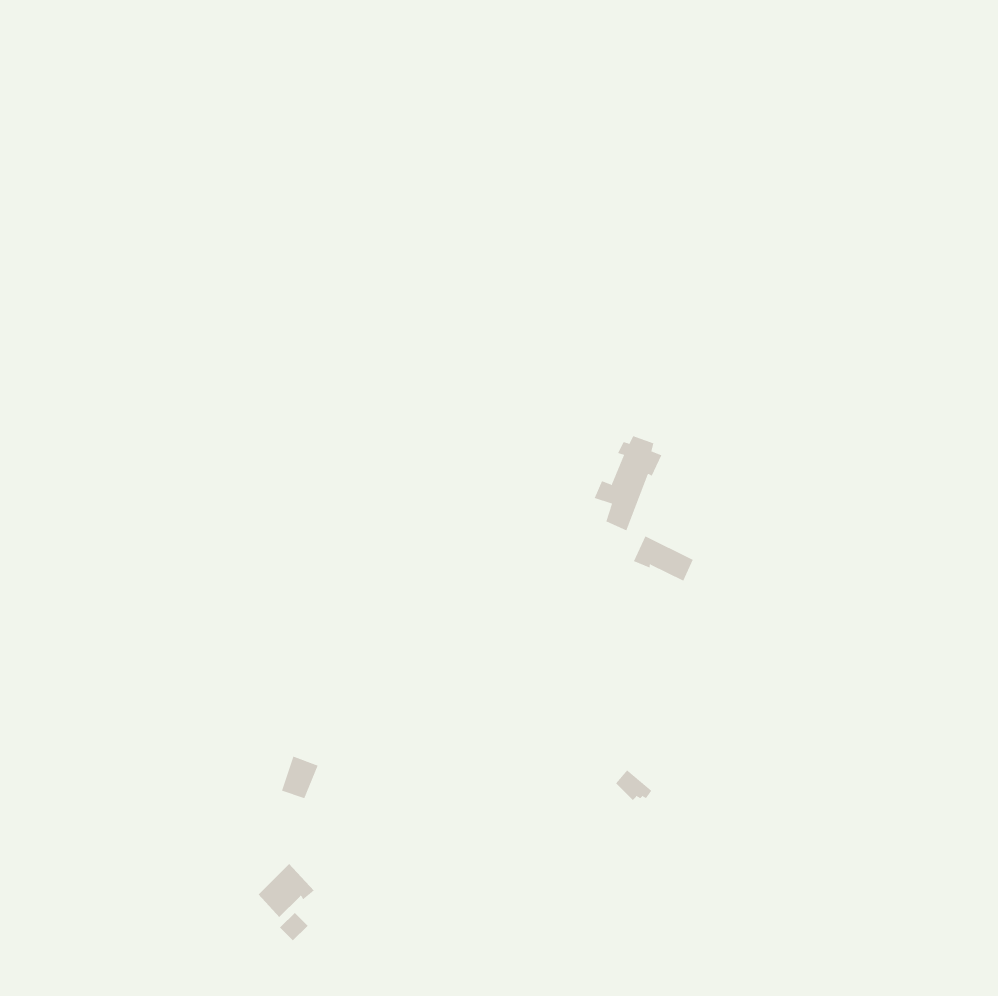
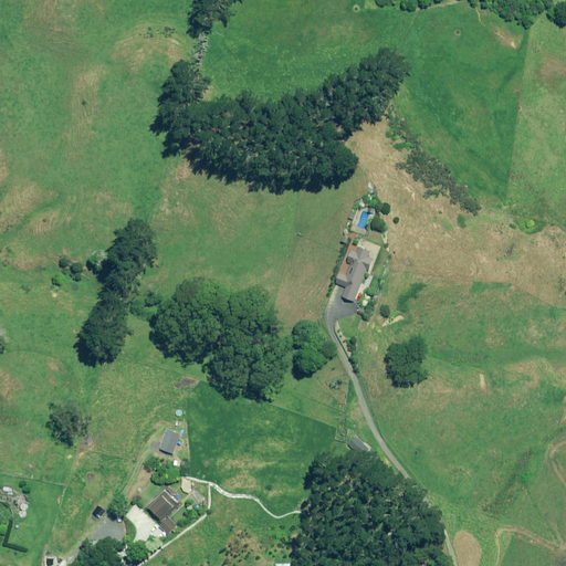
building: [633,536,694,582] -> none

